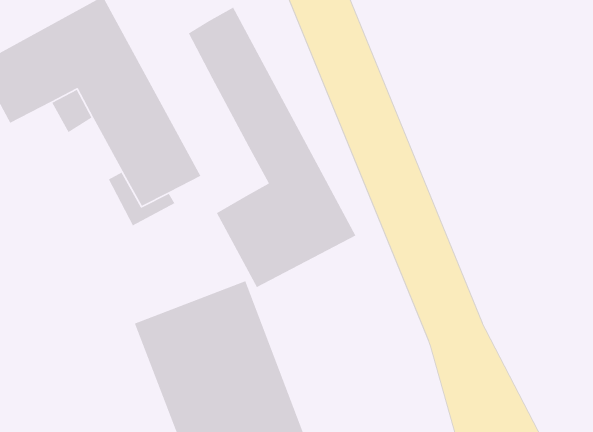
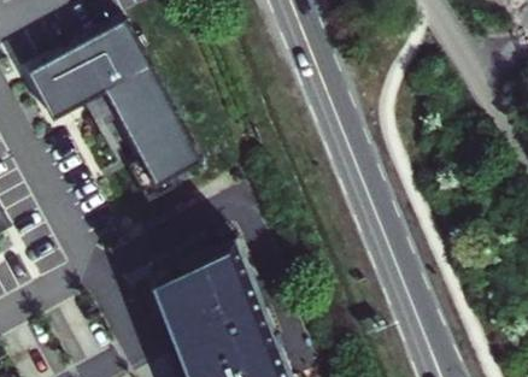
building: [188,7,357,288] -> none

